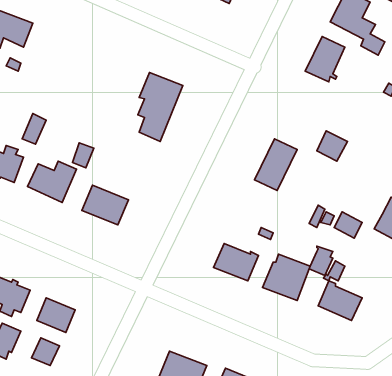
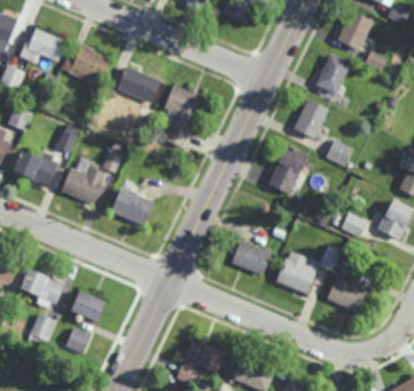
building: none -> [62,45,111,91]
building: none -> [116,67,161,104]
building: none -> [294,99,329,139]

